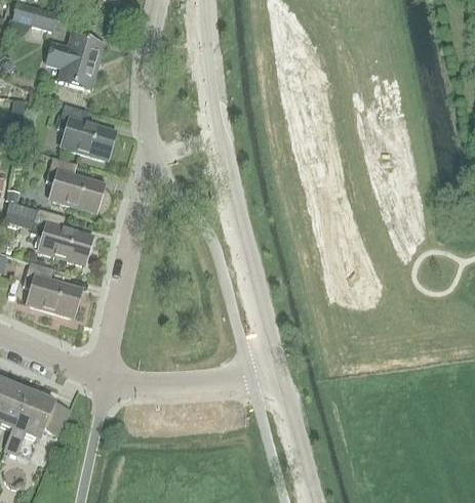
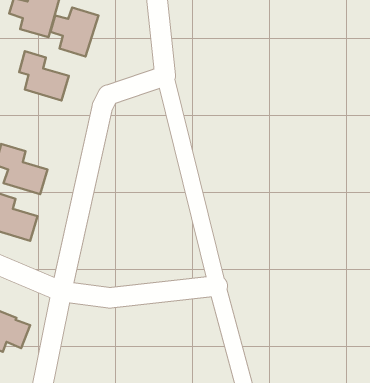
building: none -> [50,7,98,56]
building: [45,156,102,211] -> none

